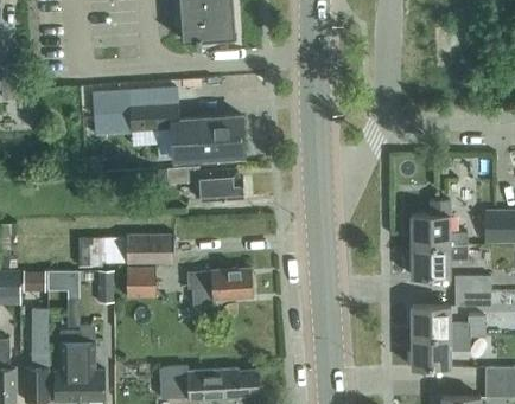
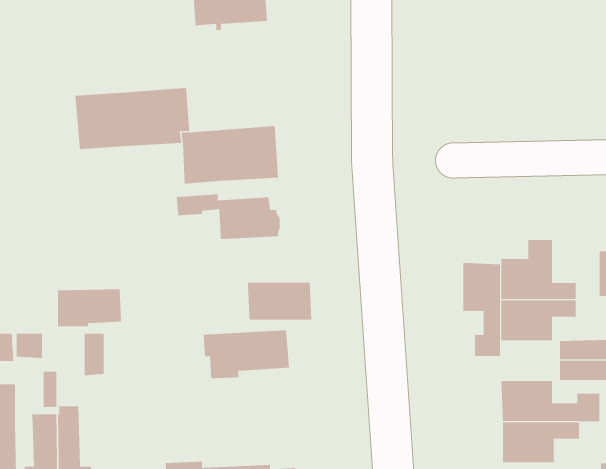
building: none -> [463,262,501,357]
building: [126,235,174,263] -> [247,282,312,320]
building: [128,268,155,297] -> none

